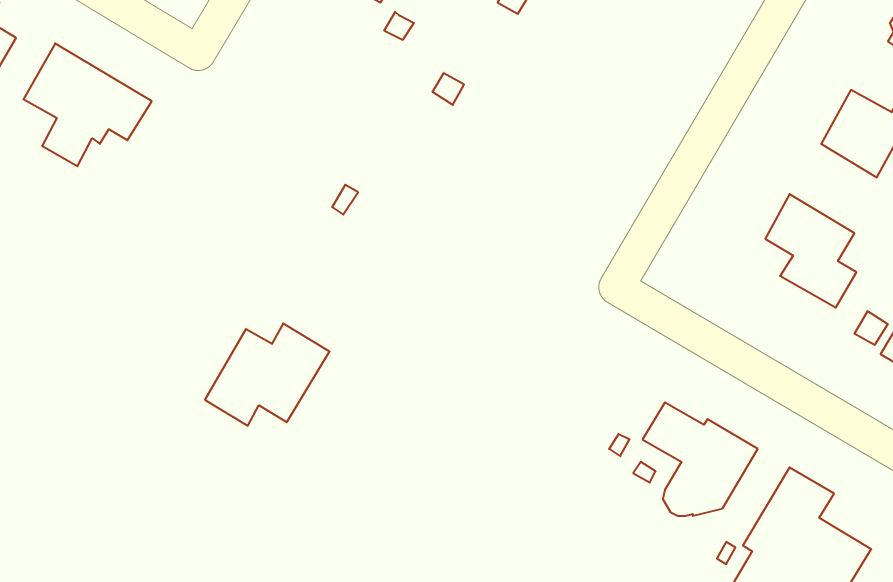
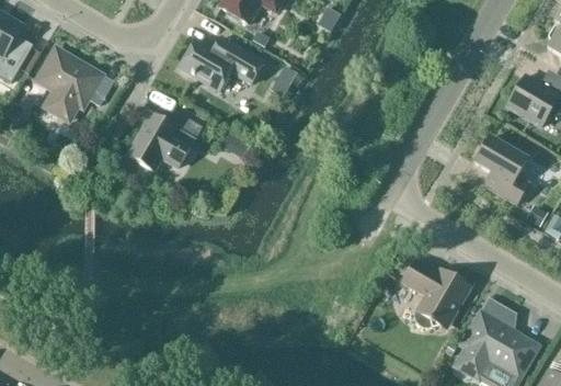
building: none -> [180,38,263,90]
building: [205,323,330,426] -> [128,110,202,170]

